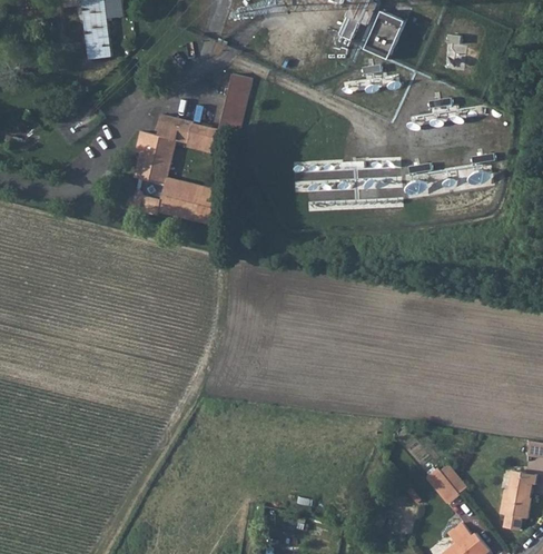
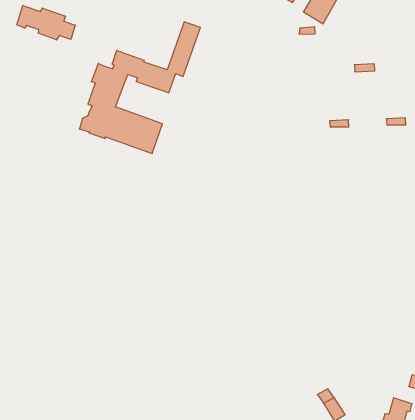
building: none -> [17,5,75,40]

